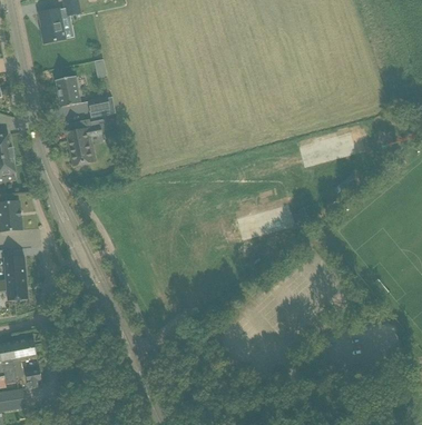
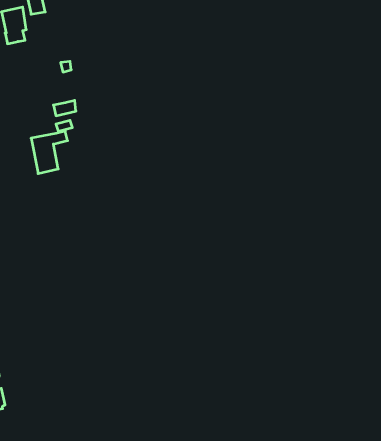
building: [55,76,80,107] -> none

